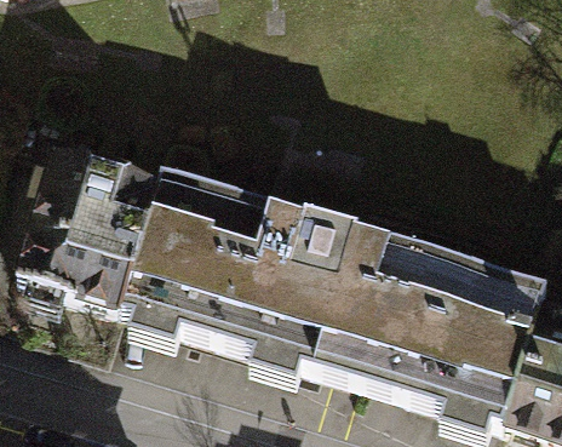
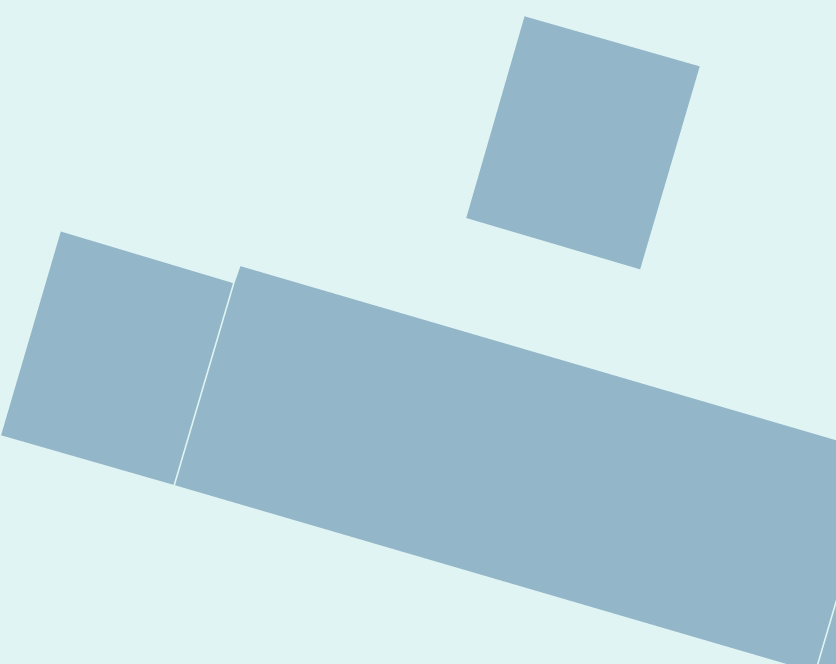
building: none -> [465,16,700,270]

